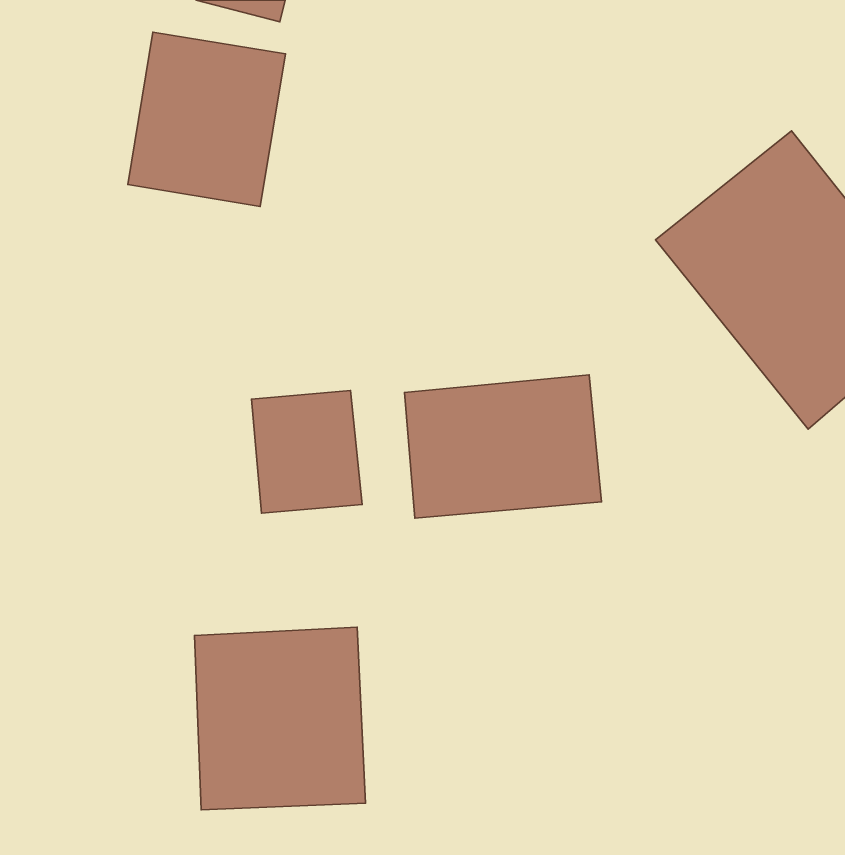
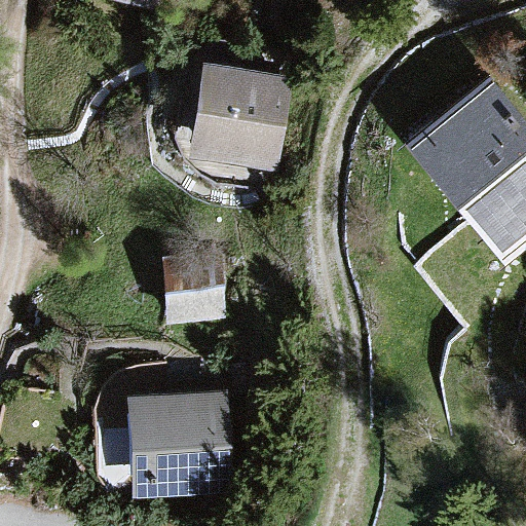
building: [128,32,285,206] -> [190,67,287,174]
building: [404,375,602,518] -> none

